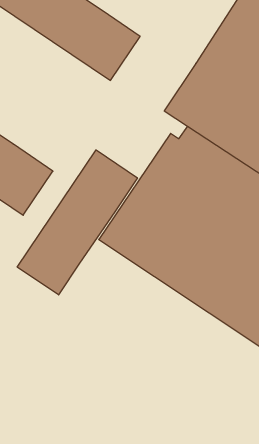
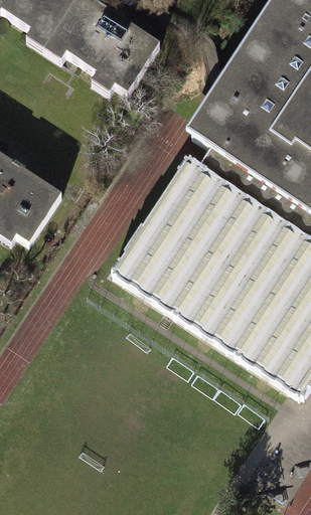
building: [17,150,137,295] -> none

